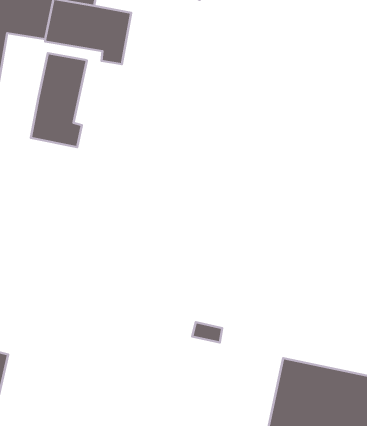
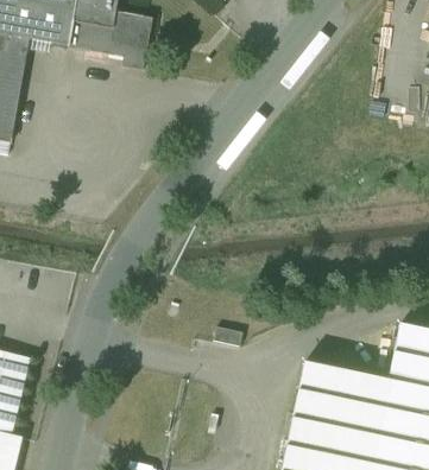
building: [31,53,87,147] -> none

